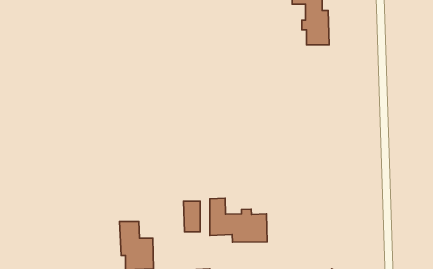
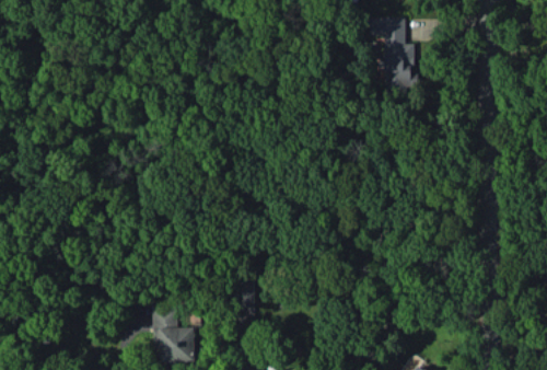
building: [210,198,267,242] -> none

